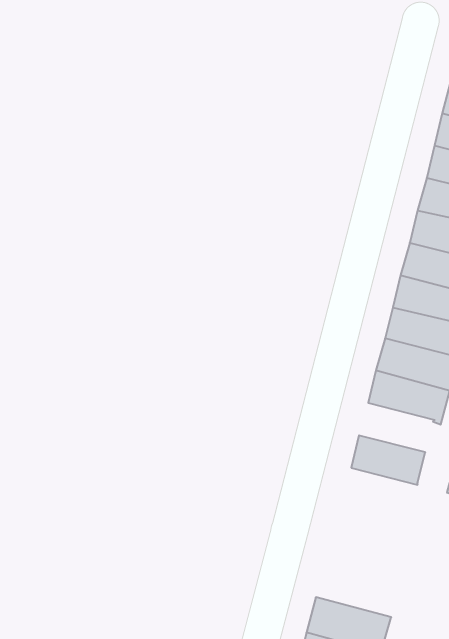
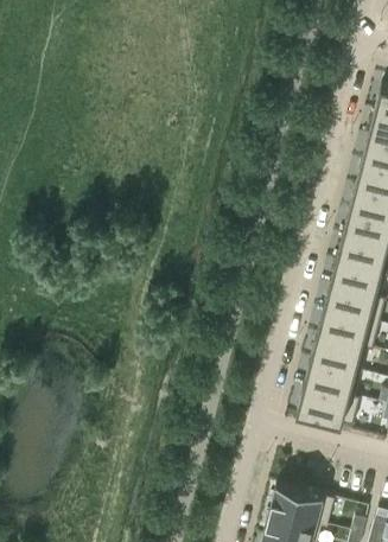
building: none -> [311,334,369,372]
building: none -> [298,384,362,427]

